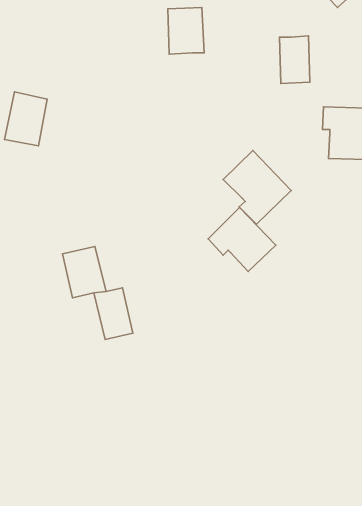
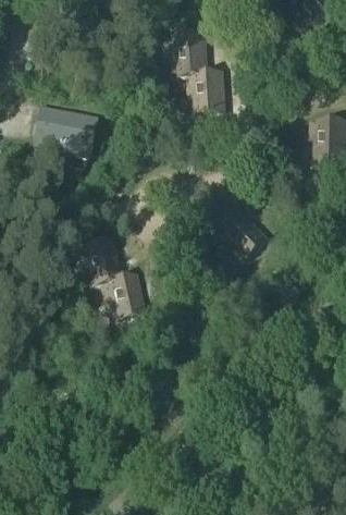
building: [280,36,310,84] -> [197,70,223,111]
building: none -> [63,111,100,157]
building: [223,150,291,224] -> none

